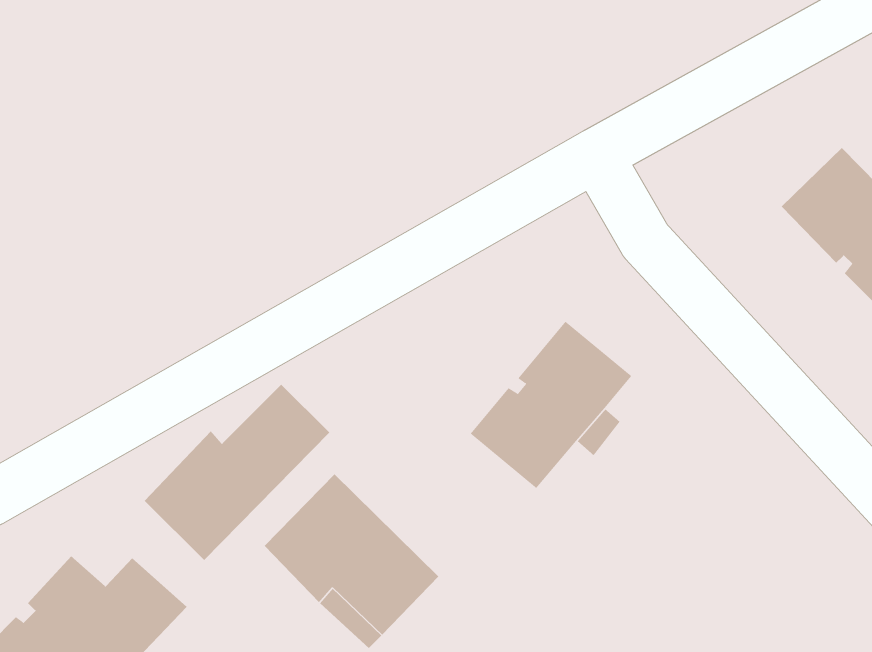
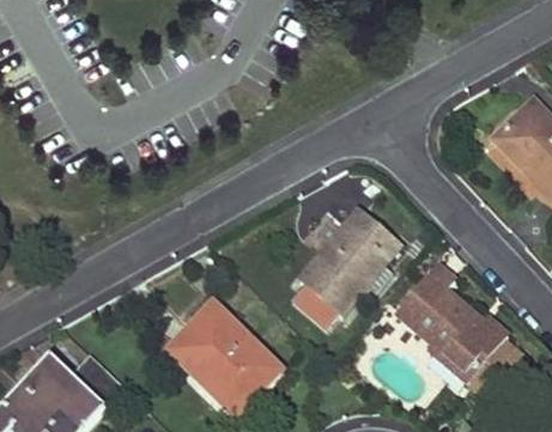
building: [144,384,330,561] -> none
building: none -> [394,267,506,382]

